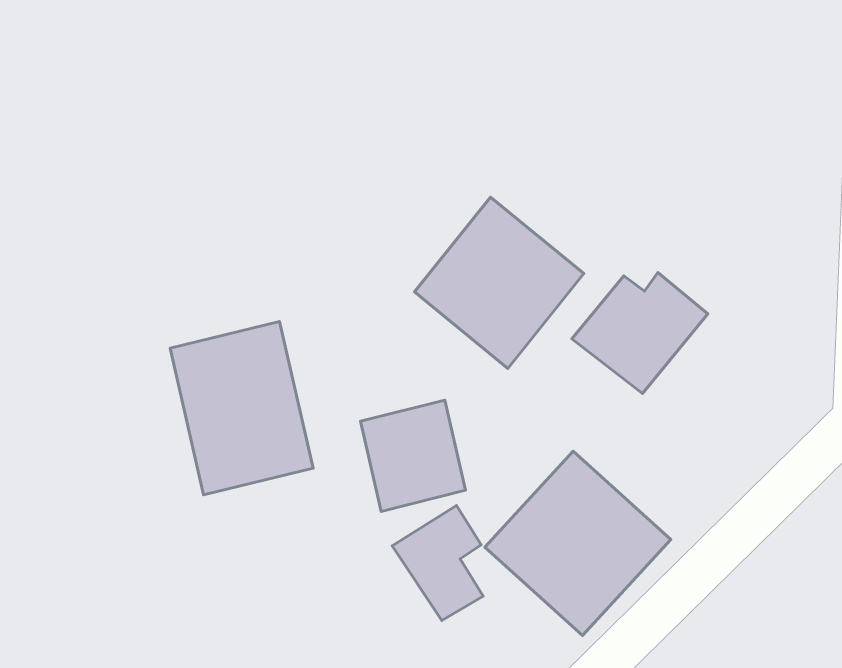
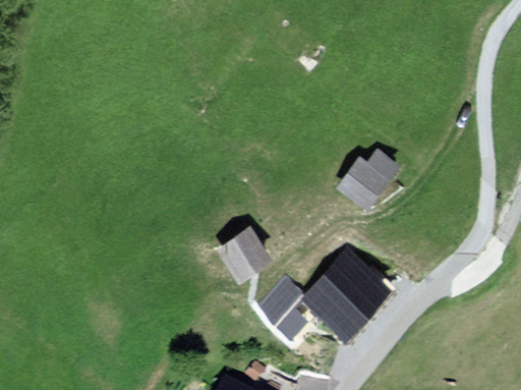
building: [414,197,584,368] -> none
building: [170,322,313,495] -> none

